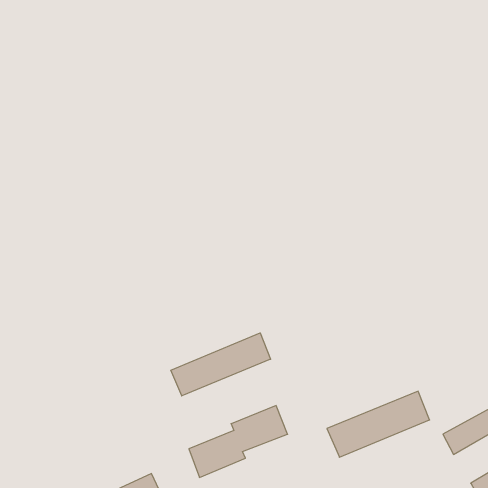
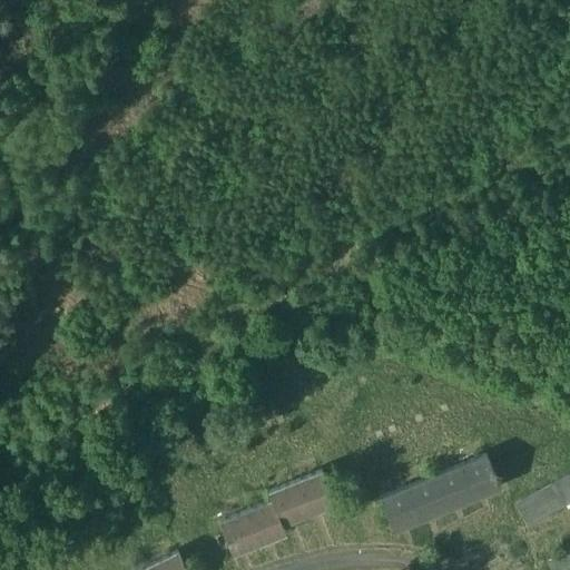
building: [171,333,271,396] -> none

